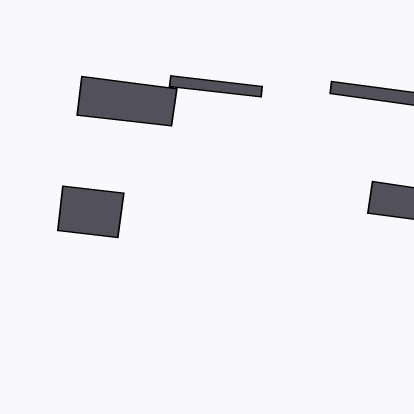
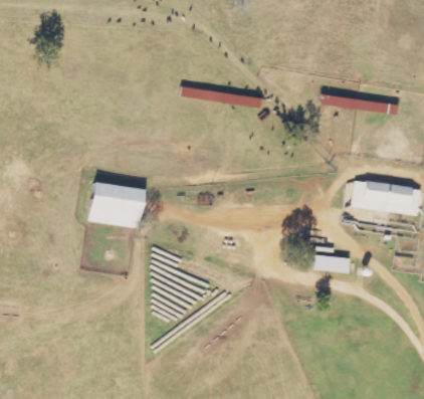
building: [77,77,177,126] -> none
building: none -> [312,247,351,274]

